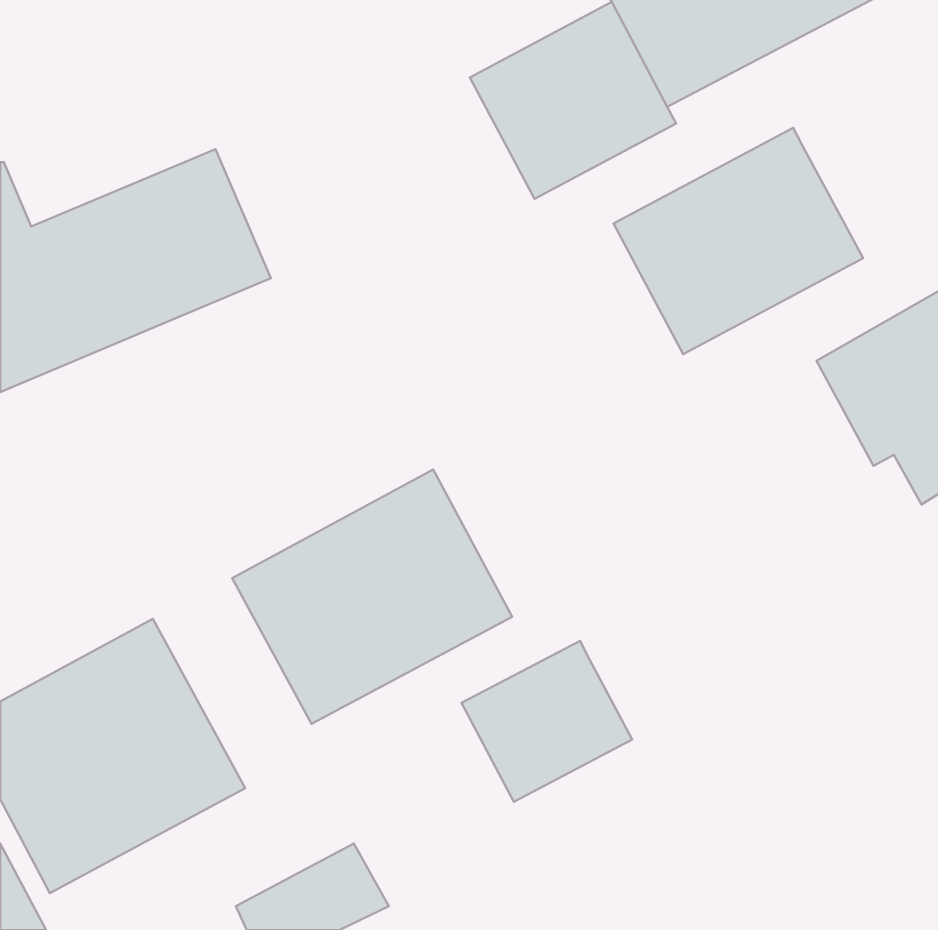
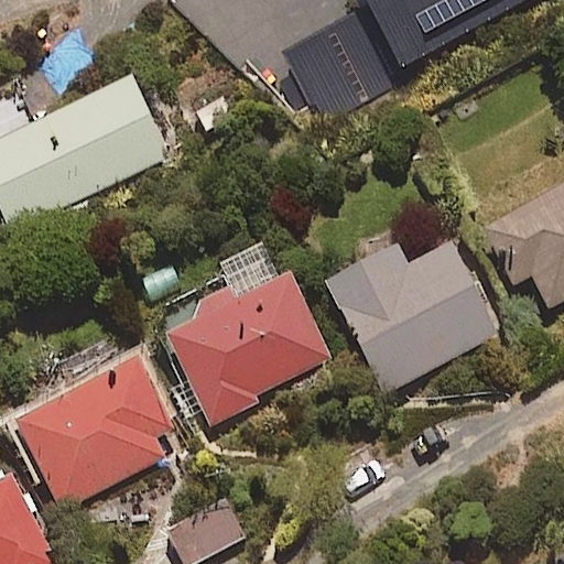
building: [613,128,863,354] -> none
building: none -> [333,235,507,387]
building: [462,641,632,802] -> none

